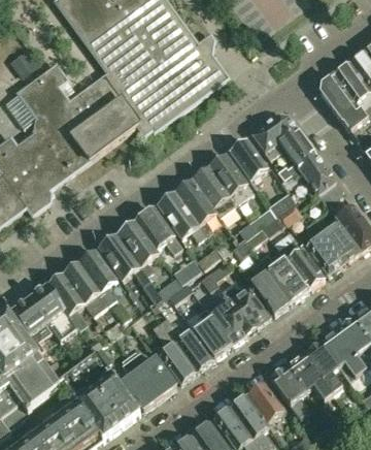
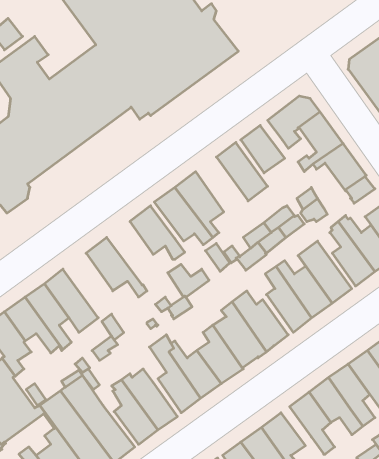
building: [192,165,236,216] -> none
building: [116,220,159,274] -> none
building: [79,249,124,301] -> none

